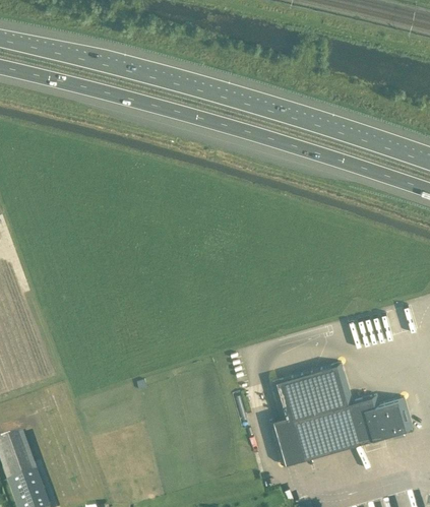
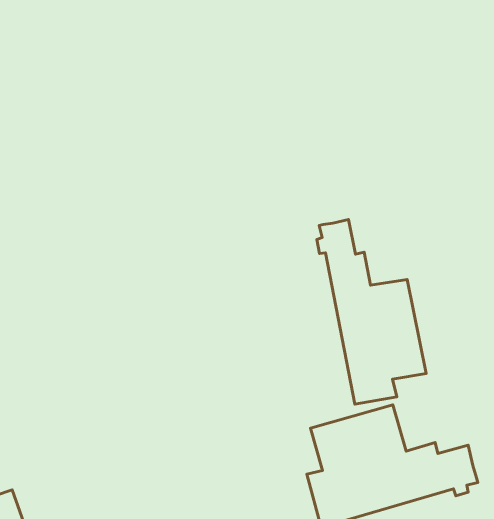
building: none -> [317,220,426,404]

